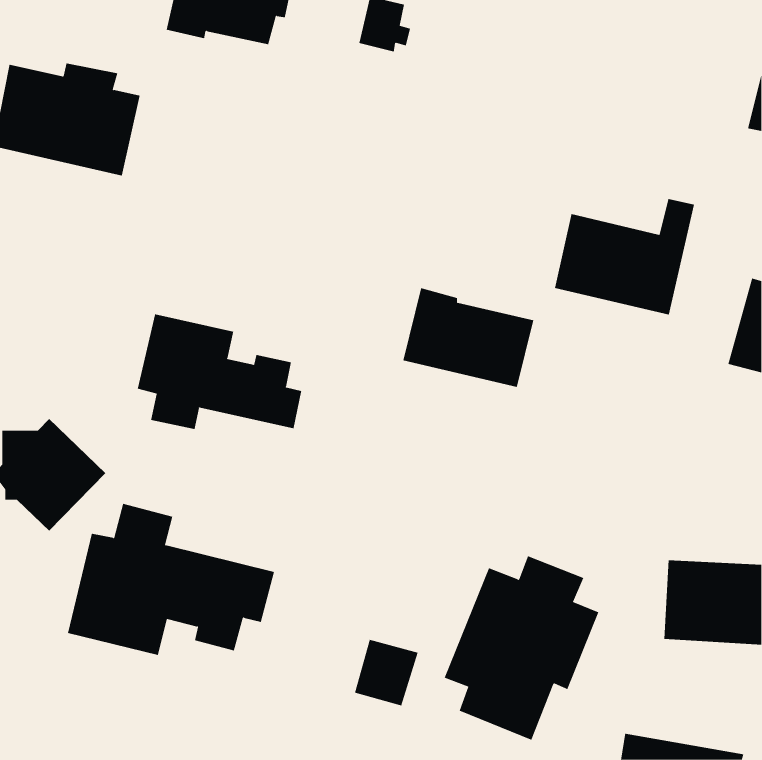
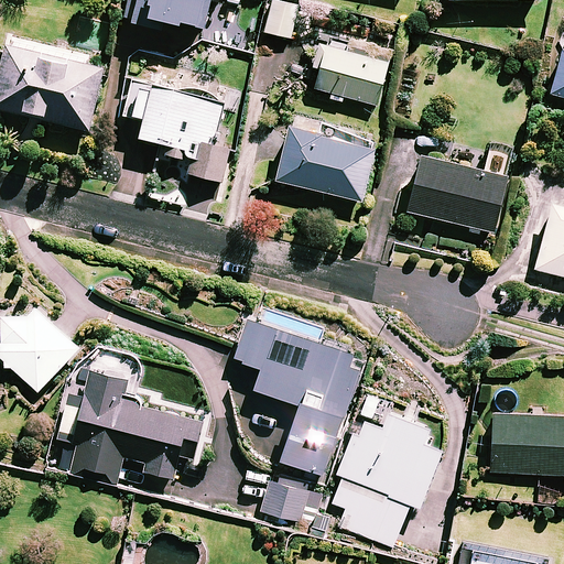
building: none -> [313,43,388,105]
building: none -> [124,82,229,183]
building: [403,287,534,388] -> [276,128,373,202]
building: [137,313,302,430] -> none
building: none -> [234,307,358,476]

